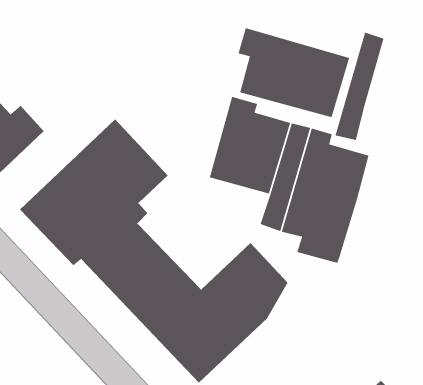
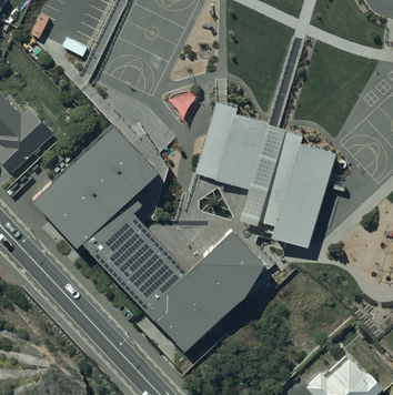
building: [238,27,350,118] -> none
building: [334,32,384,141] -> none

